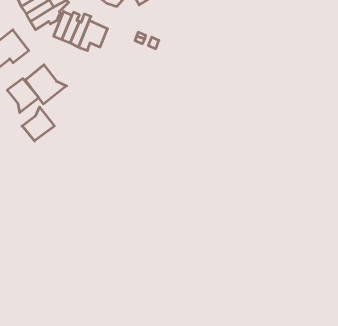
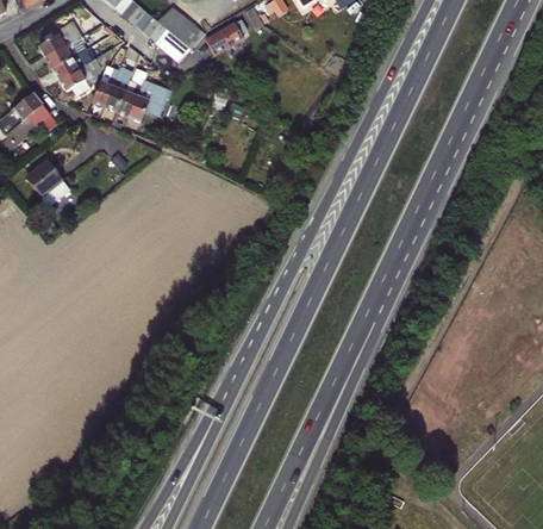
building: [26,65,67,104] -> none
building: [22,107,54,141] -> none

